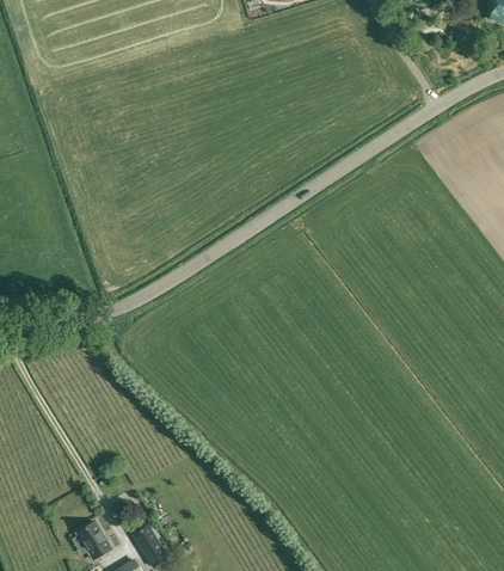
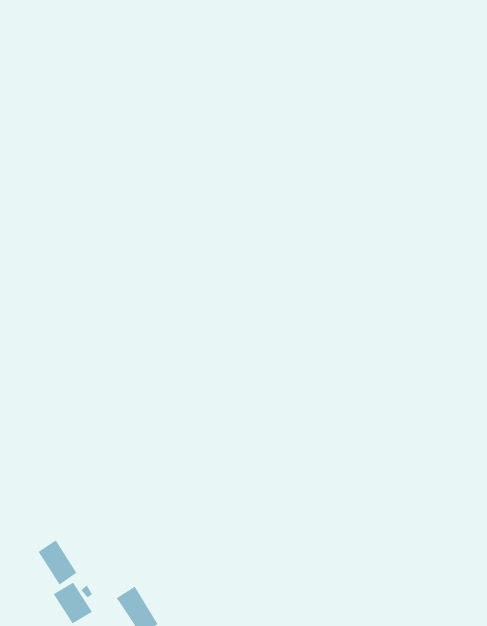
building: none -> [38,539,77,585]

